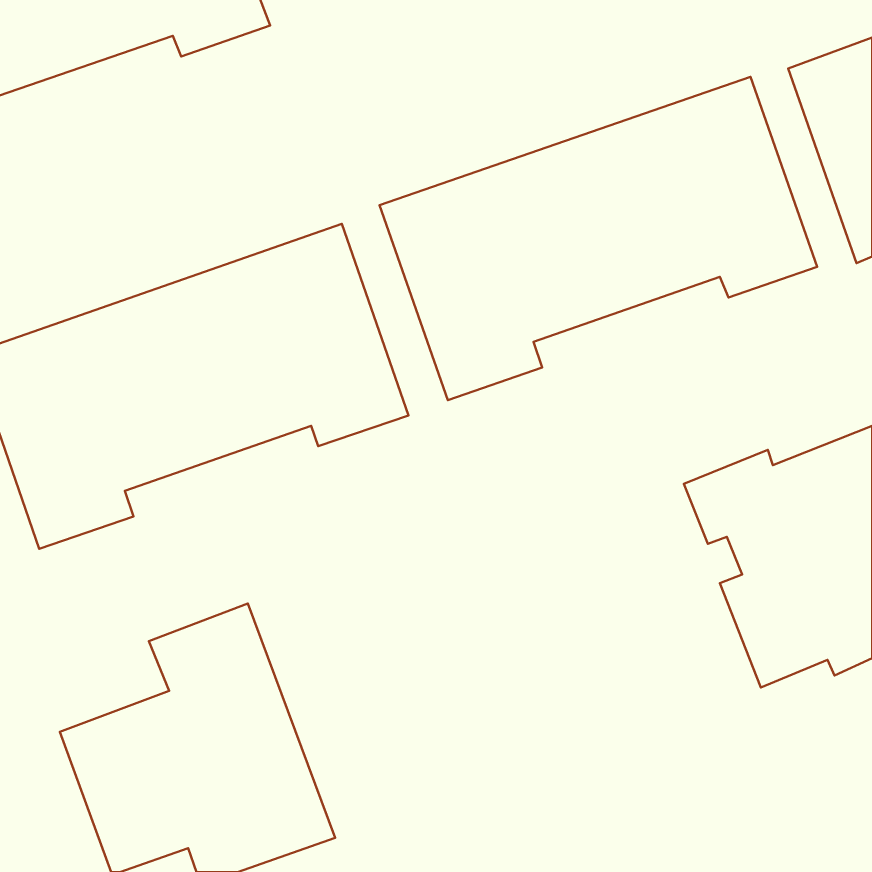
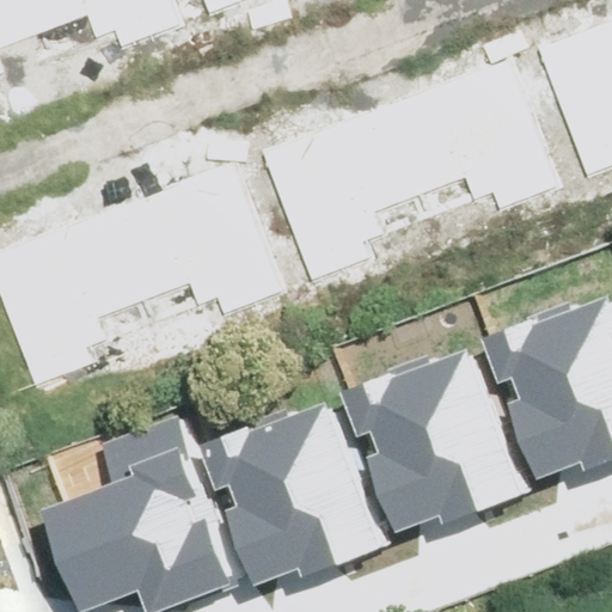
building: none -> [339,351,530,534]
building: none -> [196,402,386,585]

